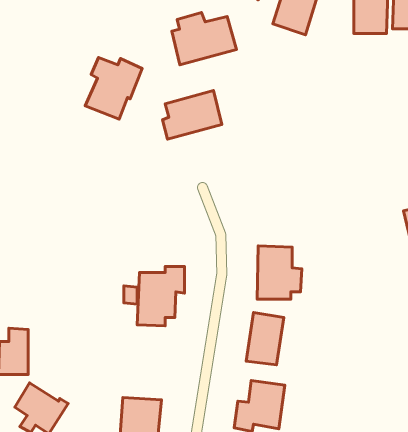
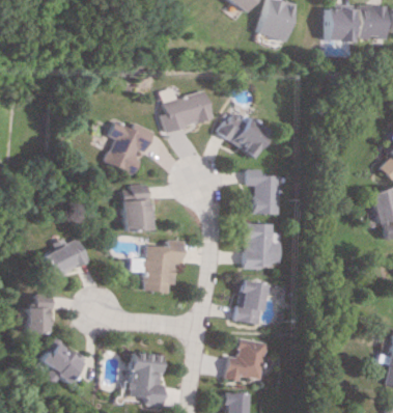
building: [172,12,236,65] -> none
building: [85,57,142,119] -> [106,121,155,174]
building: none -> [218,108,270,158]
building: none -> [245,169,281,214]
building: none -> [122,185,153,230]
building: none -> [40,239,88,278]

